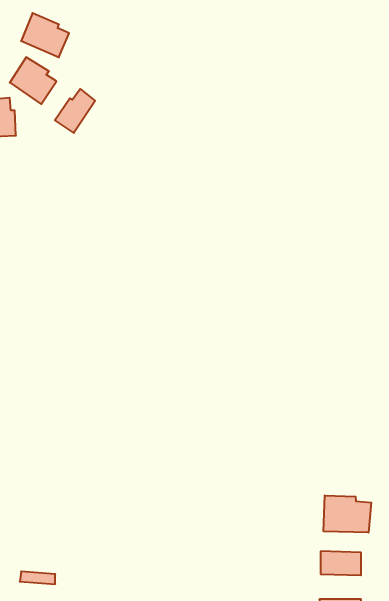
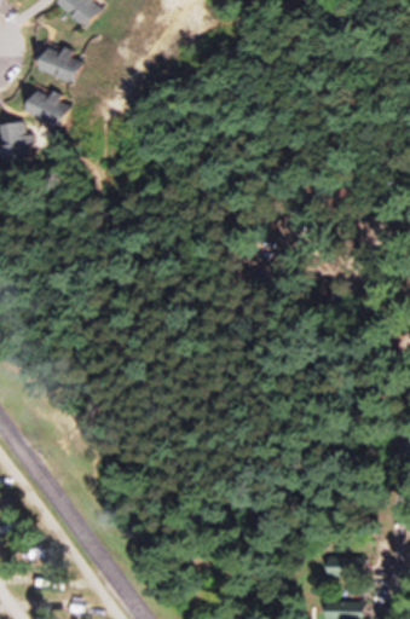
building: [55,89,95,133] -> none
building: [324,495,371,533] -> none

